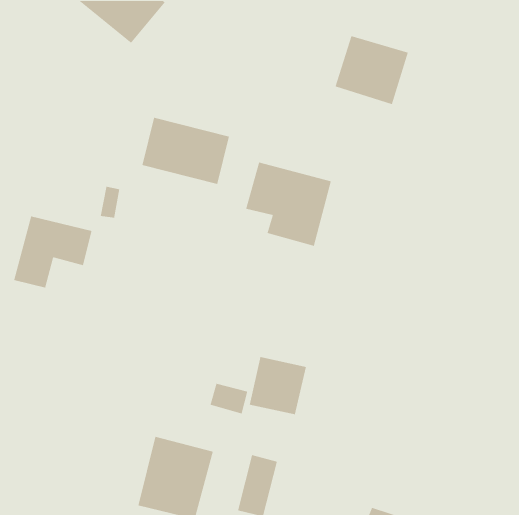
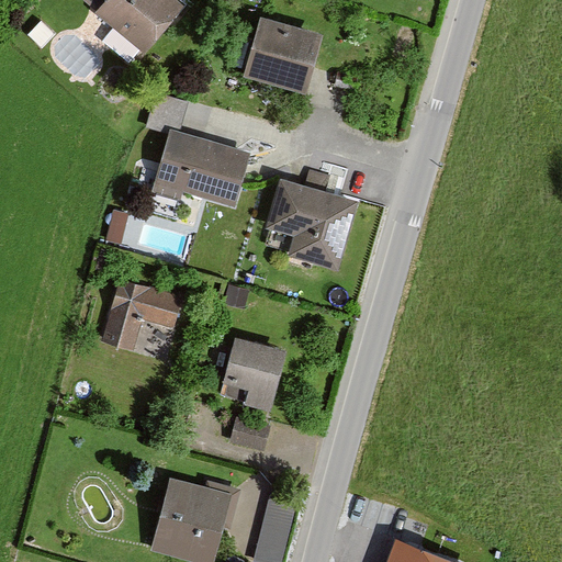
building: [335,35,409,105] -> [241,18,322,93]
building: [13,215,93,289] -> [97,277,182,356]
building: [249,356,307,415] -> [221,339,283,403]

